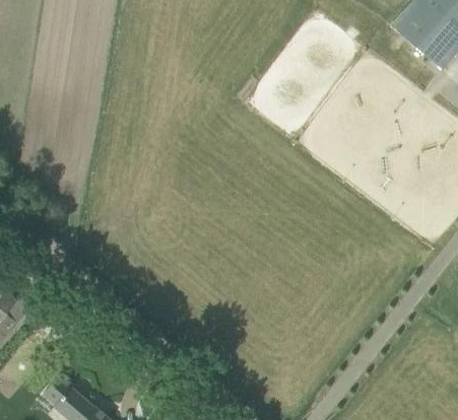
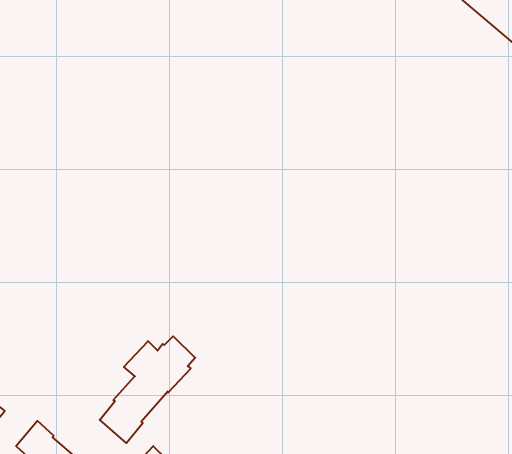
building: none -> [100,336,195,443]

